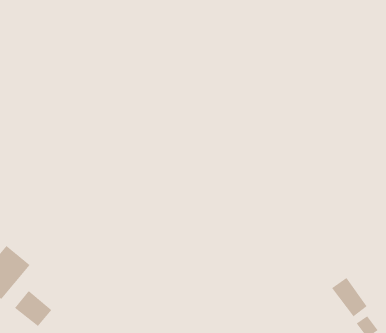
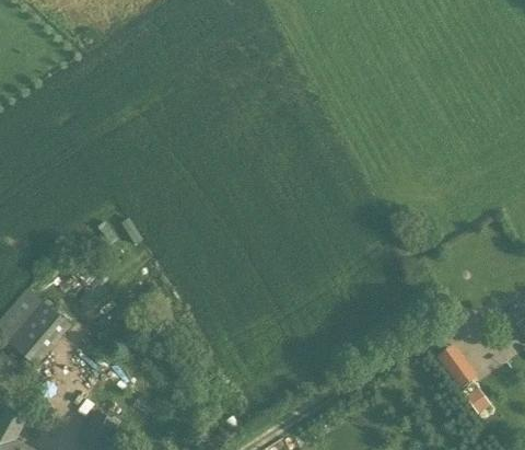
building: [14,290,52,327] -> none

